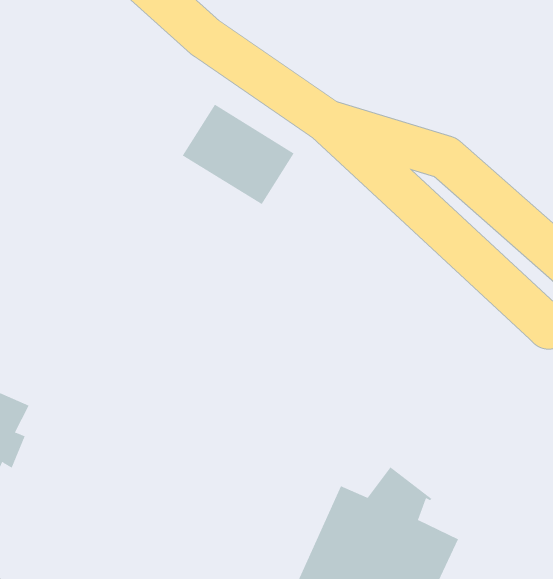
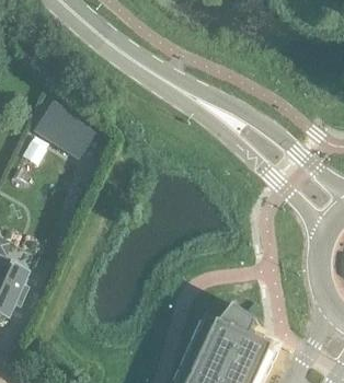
building: [182,104,295,205] -> [33,98,98,156]

